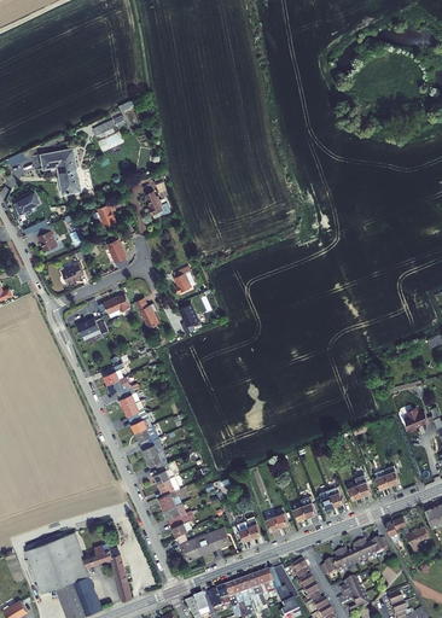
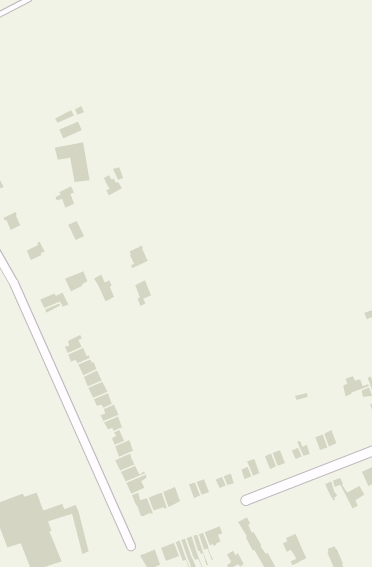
building: [40,148,80,193] -> [54,142,91,183]
building: [319,538,386,576] -> none

